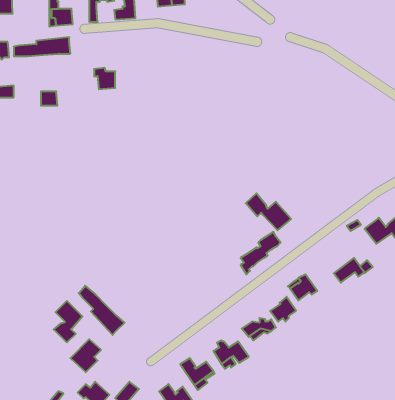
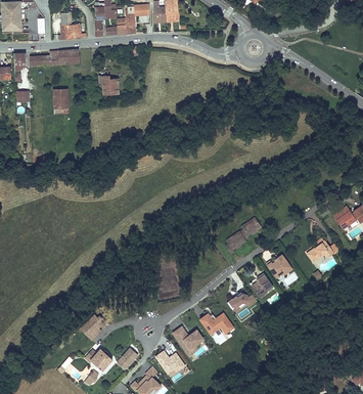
building: [246,193,291,230] -> none
building: [79,286,125,335] -> none
building: [54,301,82,342] -> none

